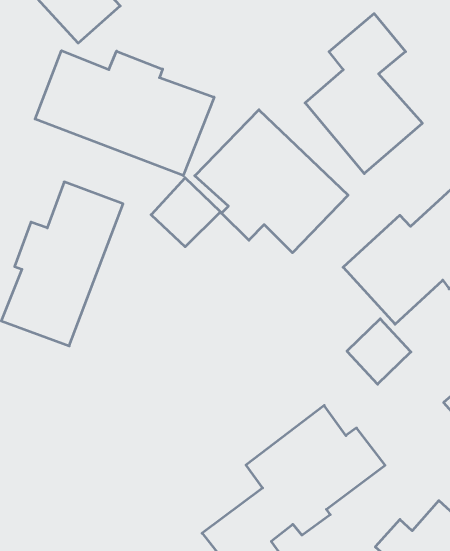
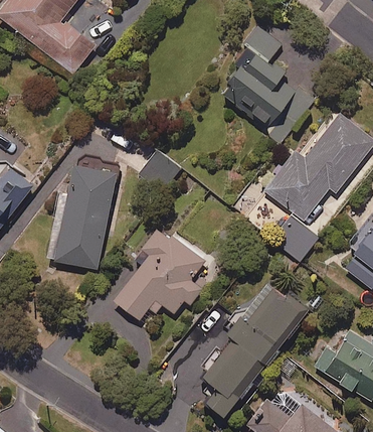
building: [35,51,214,176] -> none
building: [195,110,348,253] -> none
building: none -> [115,226,206,319]

